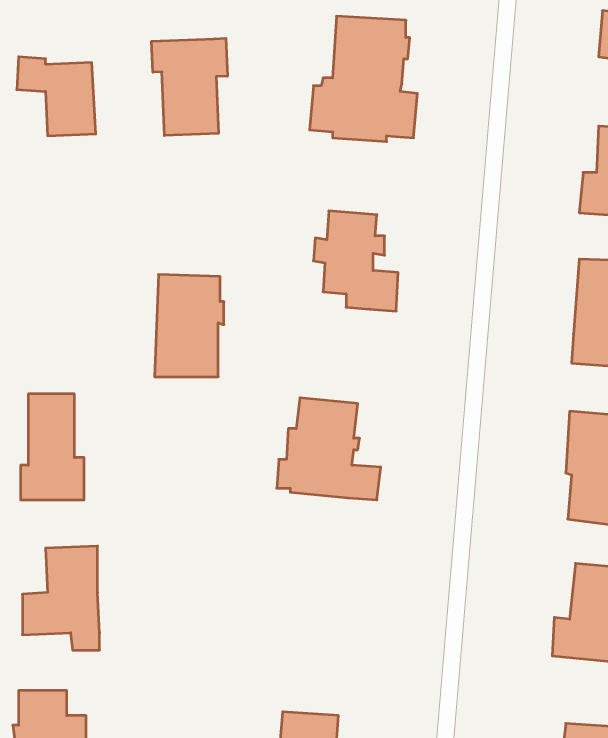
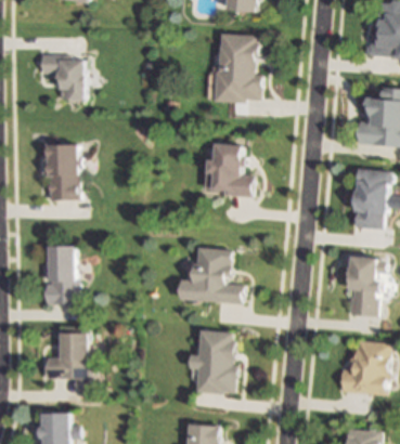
building: [152,38,227,136] -> none
building: [155,275,224,377] -> [41,142,80,199]
building: none -> [188,329,238,395]

